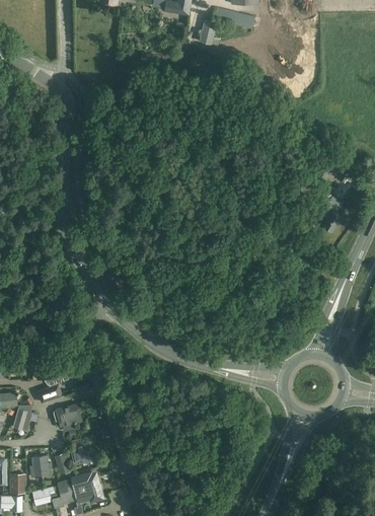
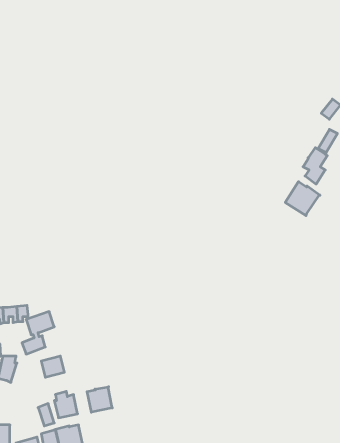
building: none -> [285,182,320,216]
building: none -> [87,387,112,412]
building: [28,455,52,477] -> none

